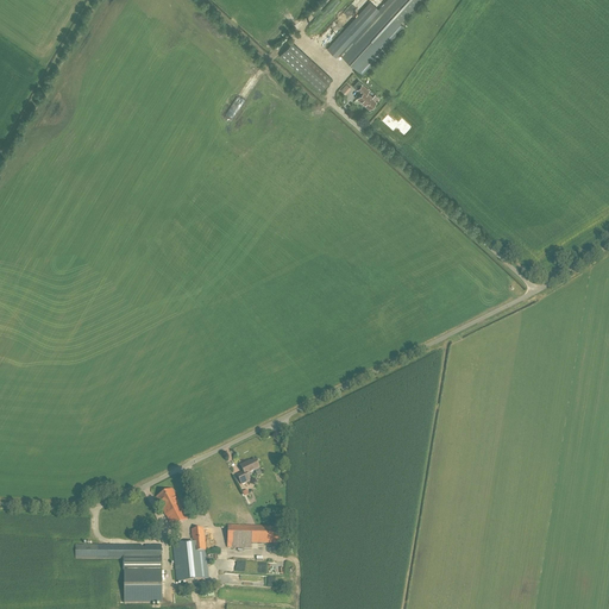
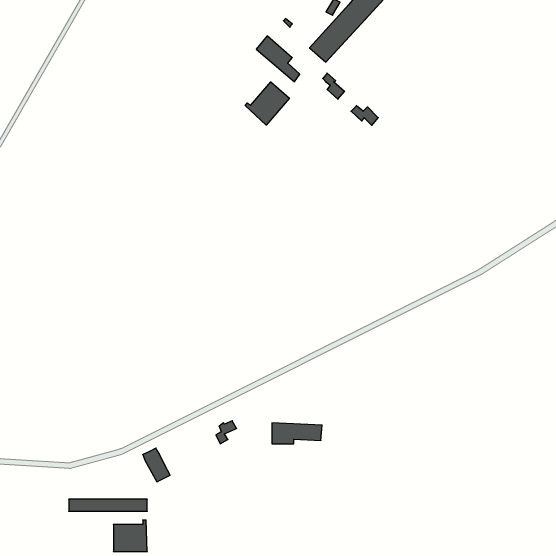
building: none -> [245,82,289,125]
building: [226,525,281,547] -> [272,423,322,444]
building: [171,527,207,580] -> none

